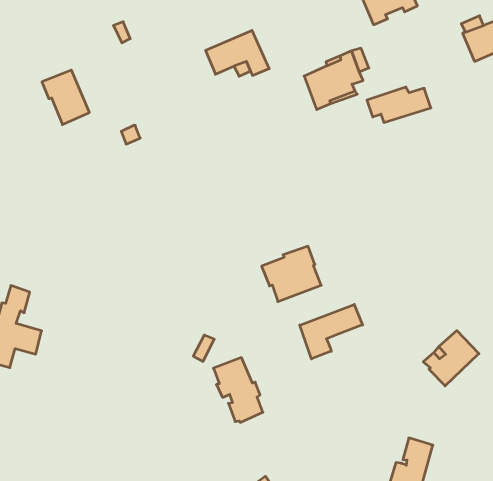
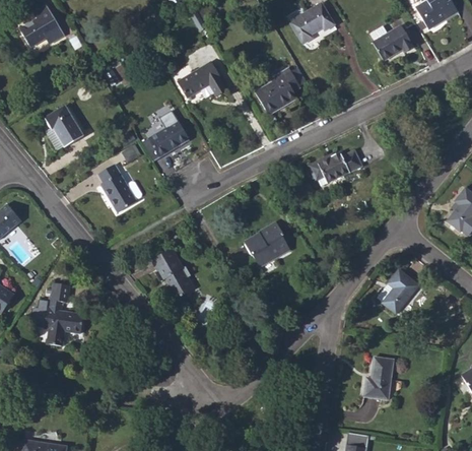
building: [367,87,431,122] -> [311,150,360,181]
building: none -> [148,118,189,155]
building: none -> [104,166,147,213]
building: [300,304,363,359] -> none
building: [213,358,263,422] -> [151,248,194,298]

